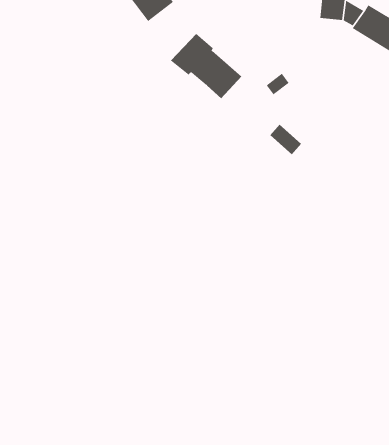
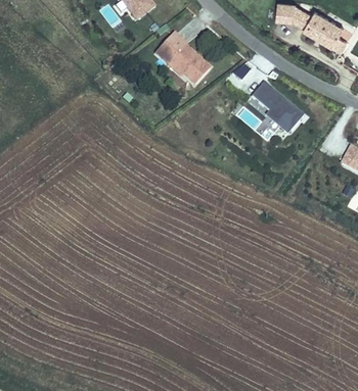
building: none -> [251,82,304,134]

